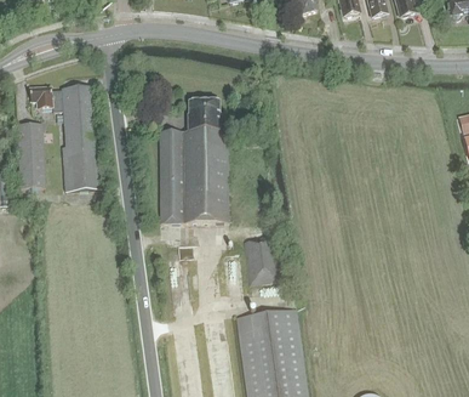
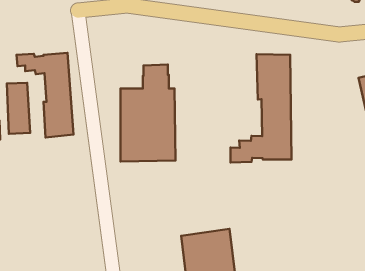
building: none -> [231,54,292,162]
building: [242,236,280,284] -> none

